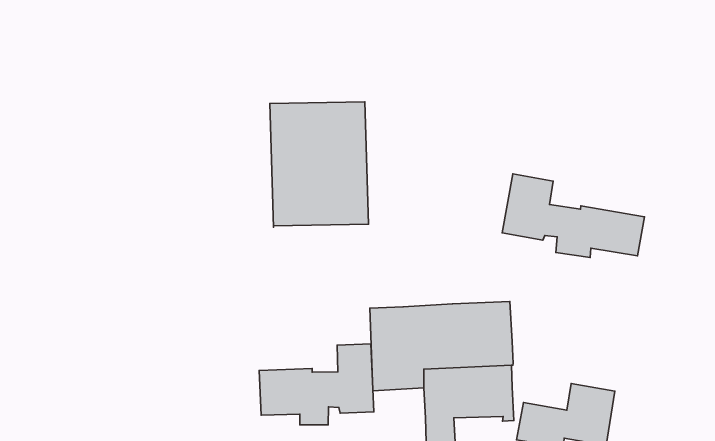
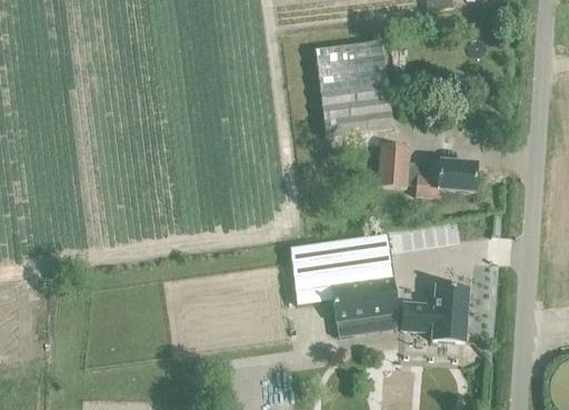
building: [270,102,369,227] -> [316,41,393,136]
building: [259,344,374,425] -> none

